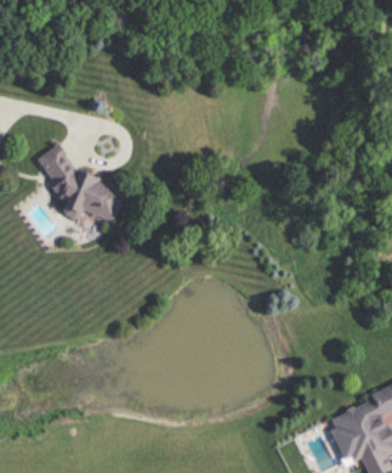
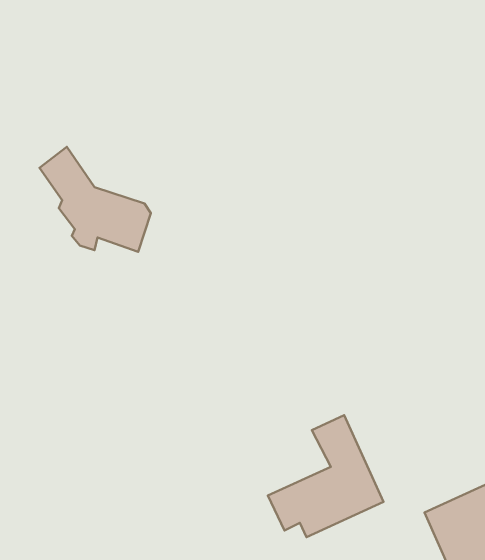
building: none -> [268,415,384,537]

